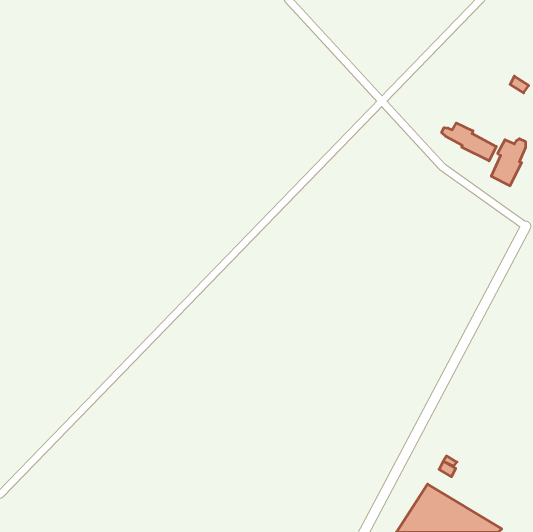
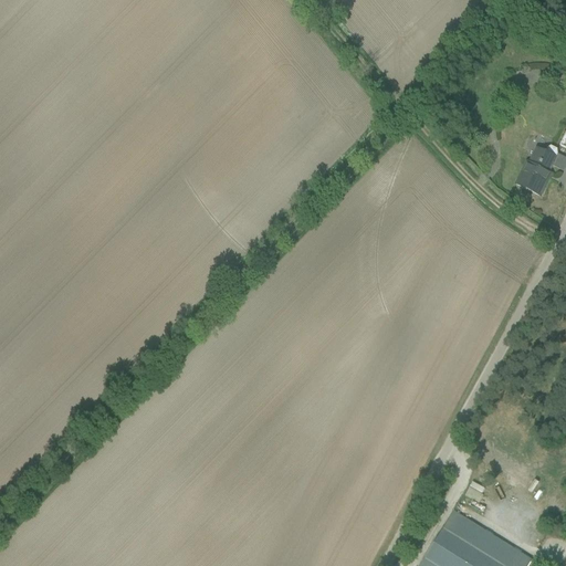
building: [442,123,496,161] -> none

